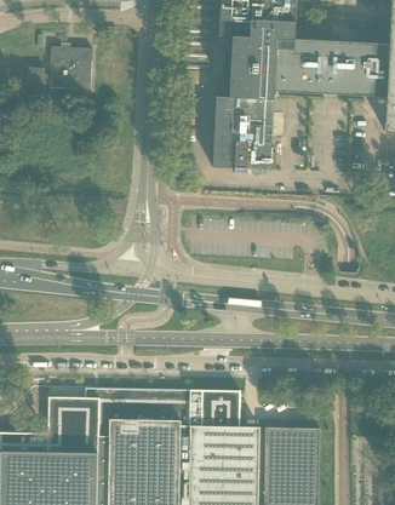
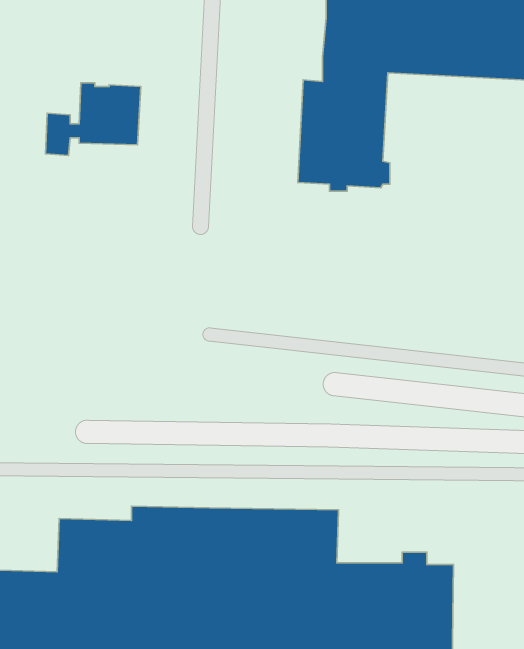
building: [27,47,92,97] -> [45,83,141,156]

